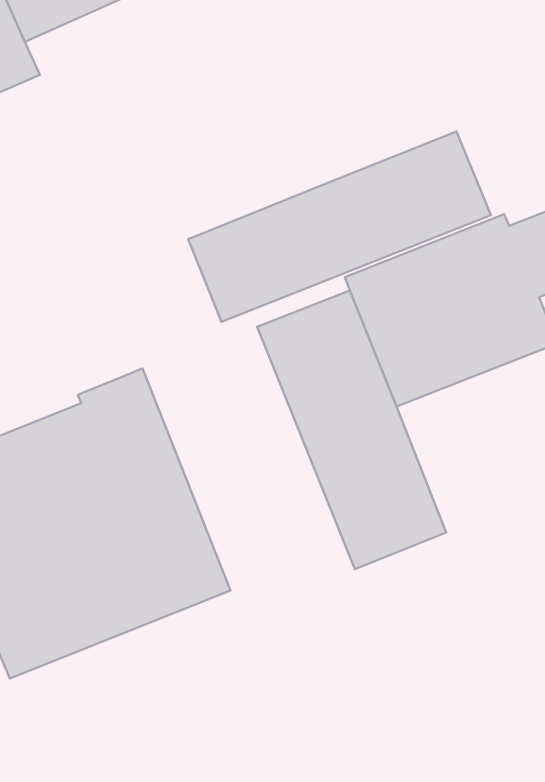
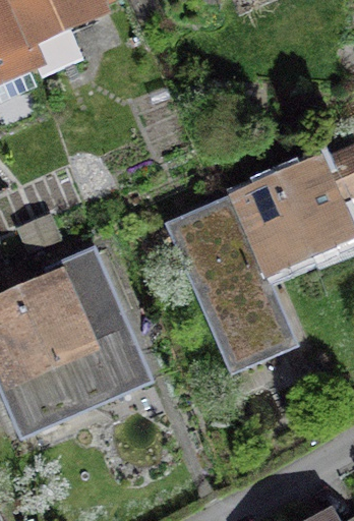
building: [188,131,491,322] -> none

